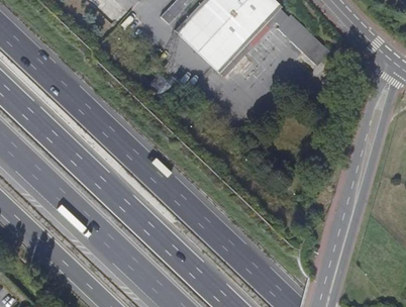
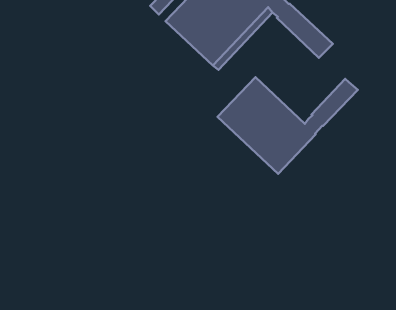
building: none -> [217,77,358,174]

